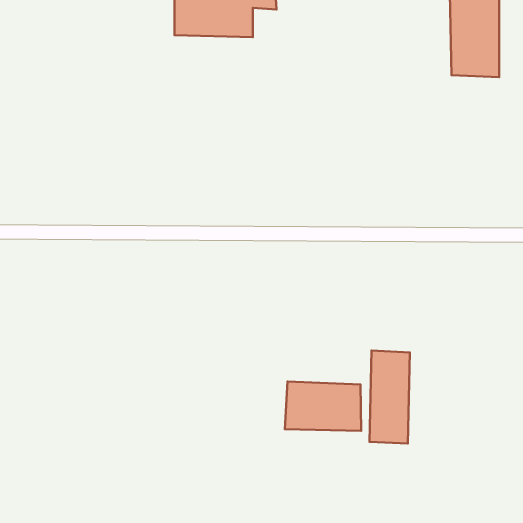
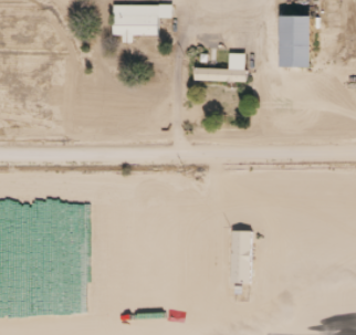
building: none -> [193,52,248,84]
building: [285,381,361,431] -> none

